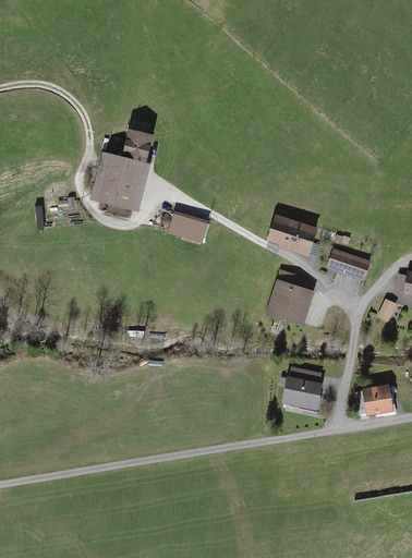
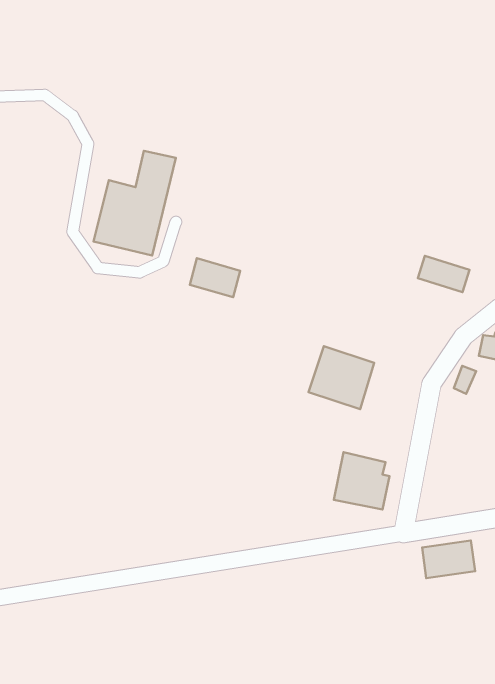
building: [266,215,312,253] -> none
building: [327,247,367,276] -> [418,256,469,292]
building: [355,386,397,415] -> [422,540,475,578]

